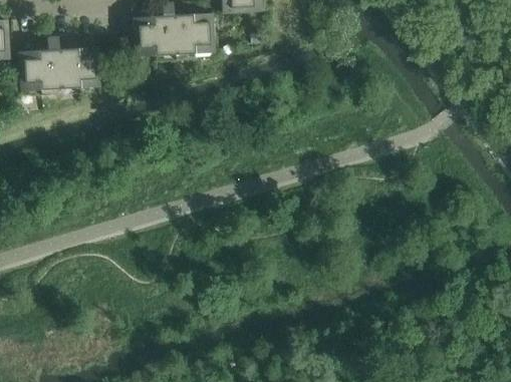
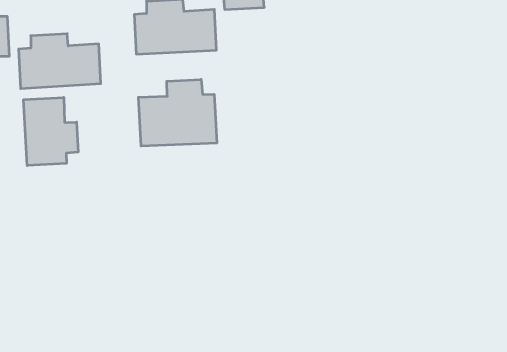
building: none -> [138,79,217,146]
building: none -> [24,97,78,166]

